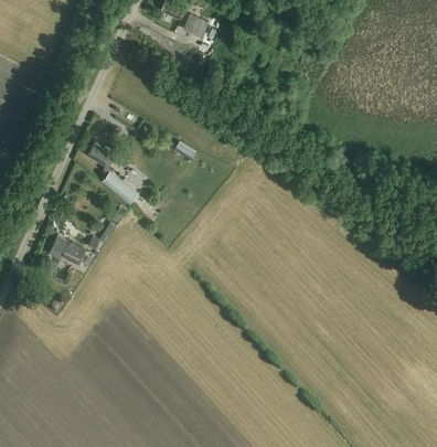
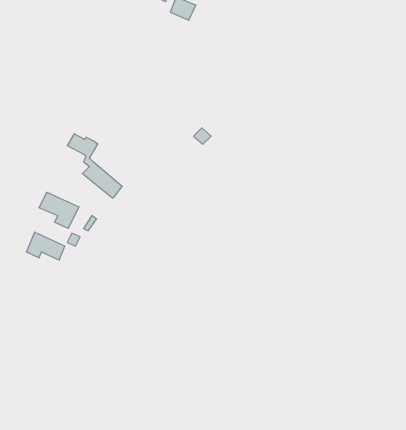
building: none -> [39,192,79,228]

